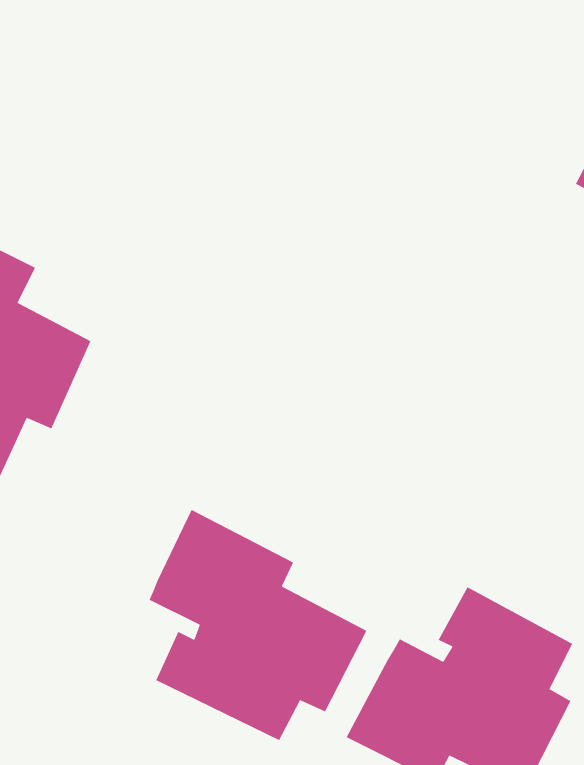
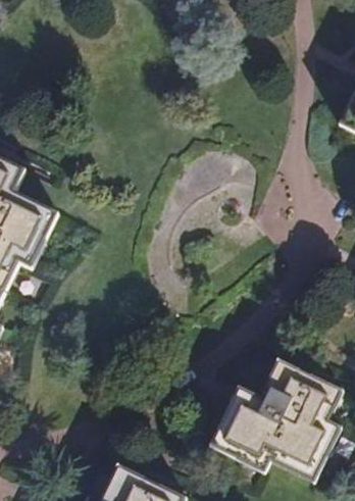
building: [149,509,367,741] -> none

